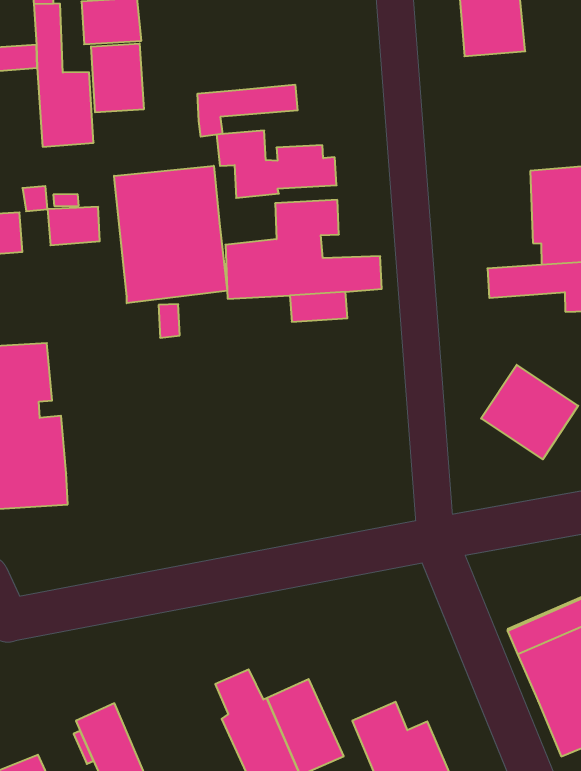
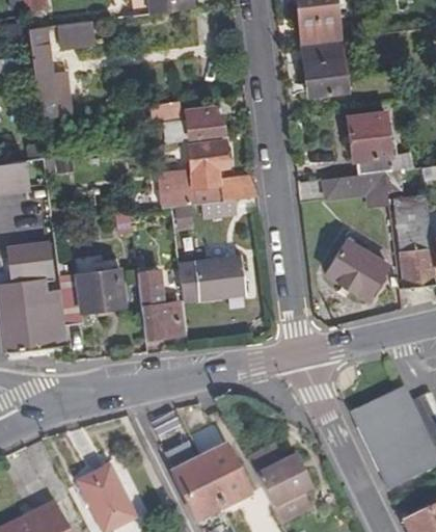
building: [91,43,144,112] -> none
building: none -> [303,41,350,105]
building: [198,85,298,137] -> none
building: [114,166,227,303] -> none
building: none -> [179,257,247,300]
building: none -> [58,267,122,324]
building: none -> [136,270,182,337]

